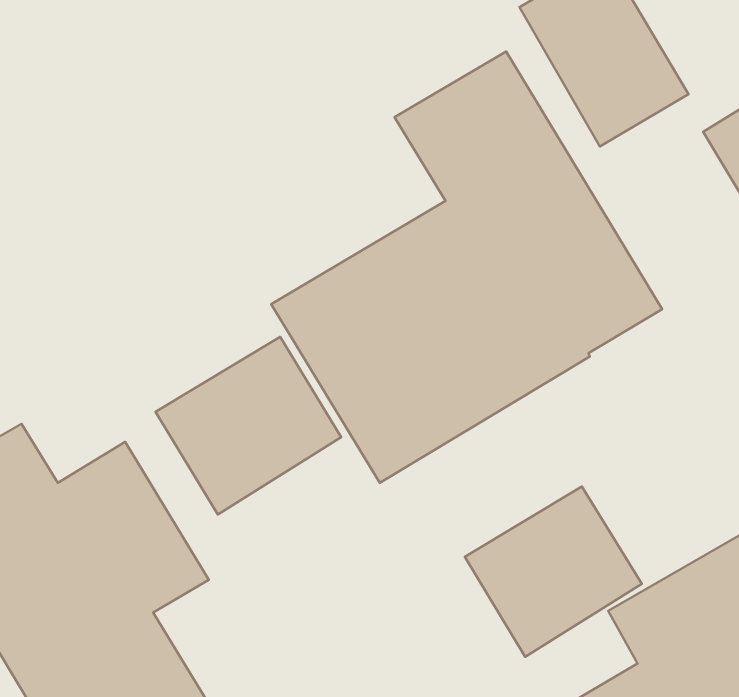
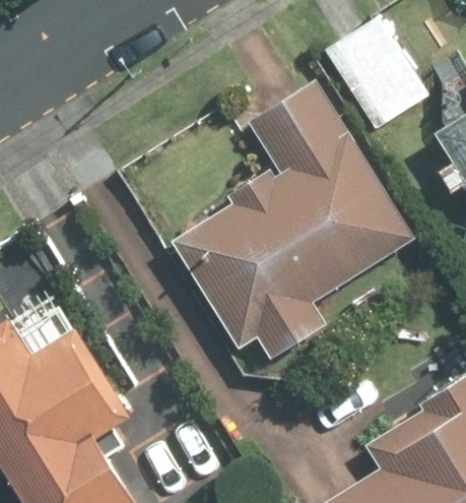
building: [156,337,341,514] -> none
building: [465,486,642,657] -> none

